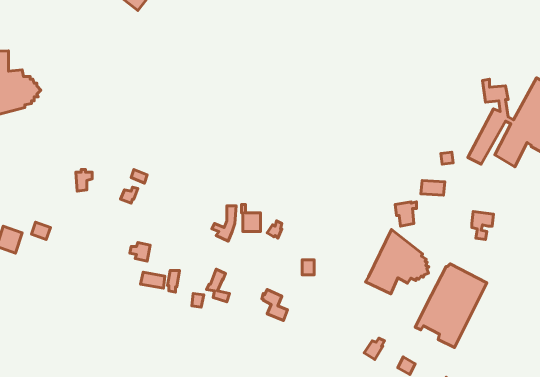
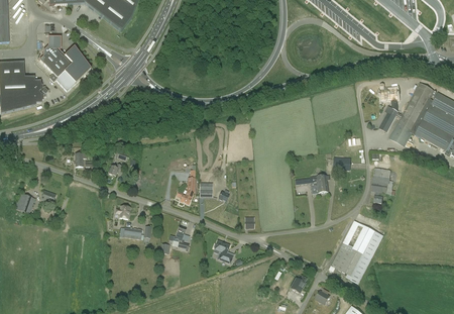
building: none -> [43,35,92,91]
building: [365,229,429,294] -> none

